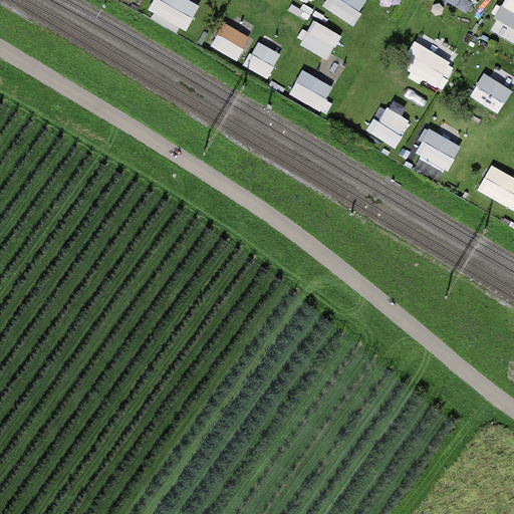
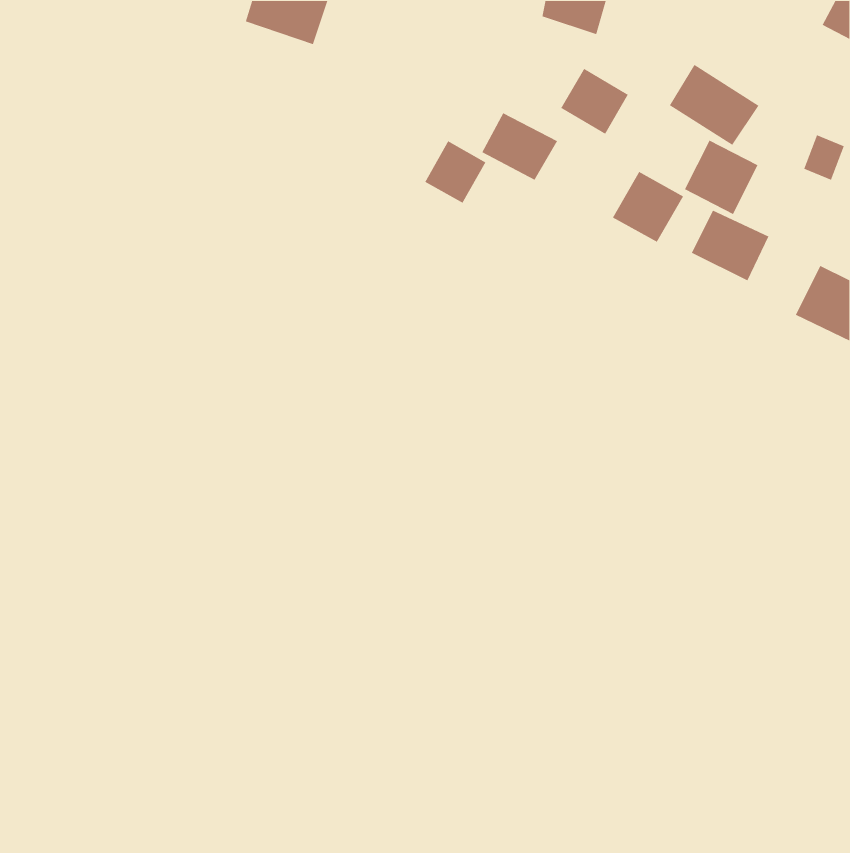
building: [299,19,340,59] -> [560,68,629,135]
building: [209,20,249,60] -> none
building: [243,40,280,78] -> [424,140,486,204]
building: none -> [684,139,759,215]

